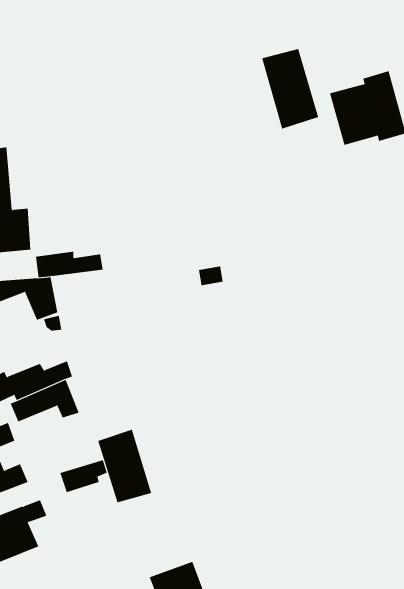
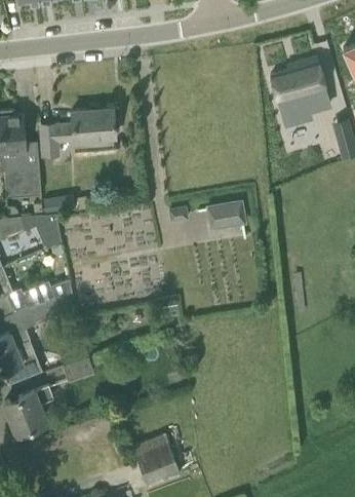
building: [262,48,319,130] -> none
building: none -> [40,110,115,157]
building: none -> [208,198,246,229]
building: [97,429,152,503] -> none

